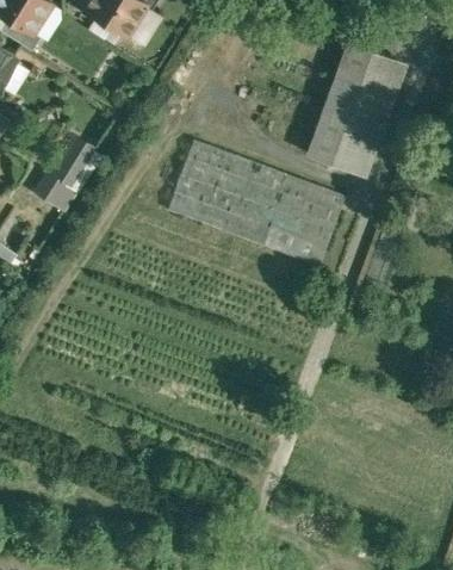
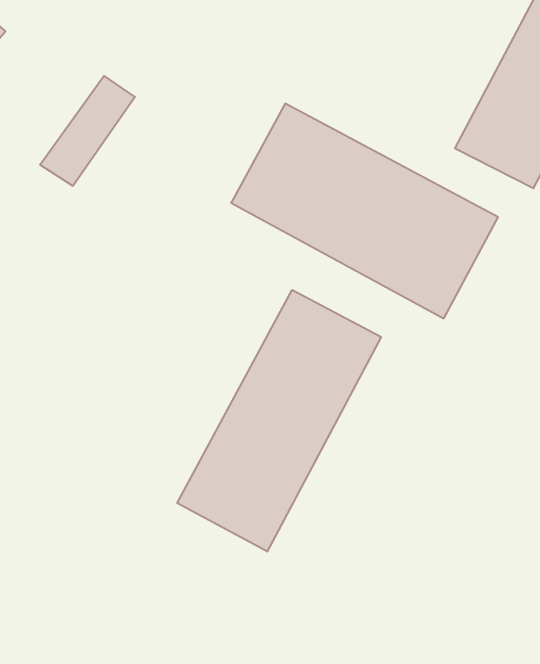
building: none -> [177,290,381,552]

